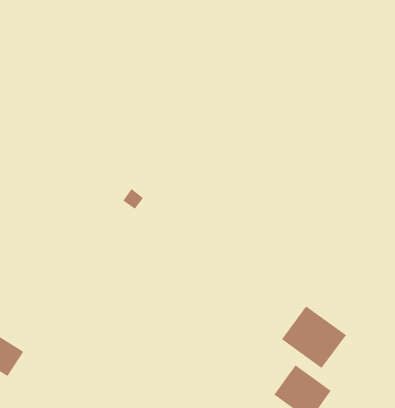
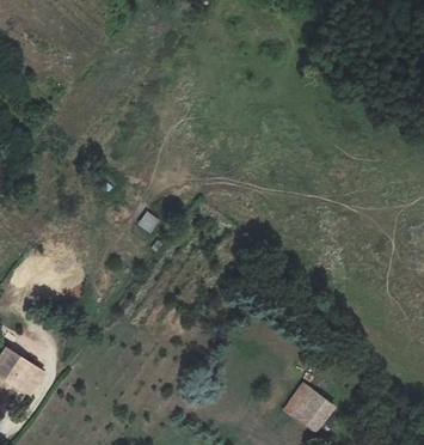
building: [281,305,347,369] -> none

